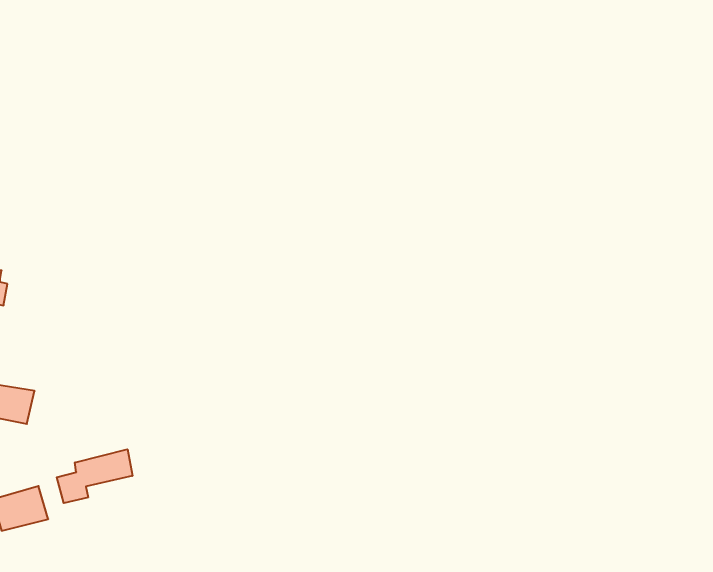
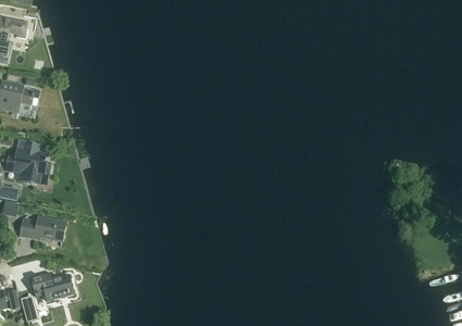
building: [57,449,132,503] -> none

